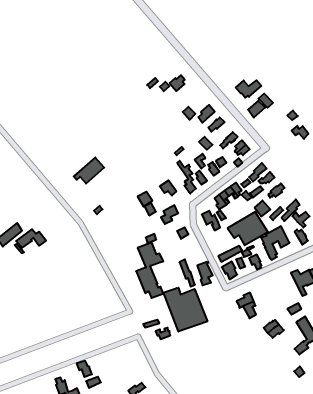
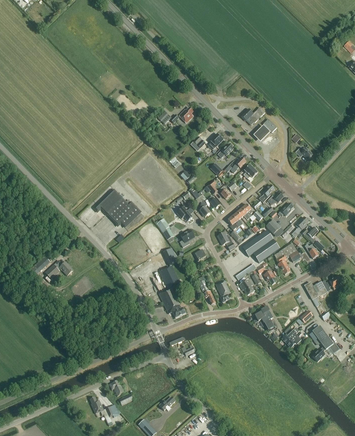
building: none -> [107,198,140,226]
building: [163,288,207,332] -> none

